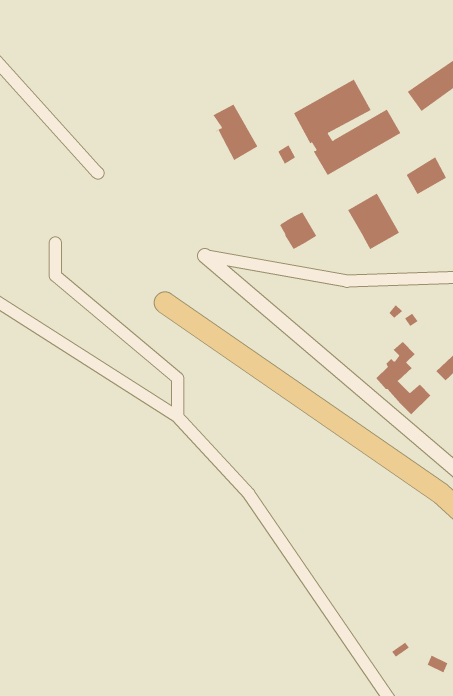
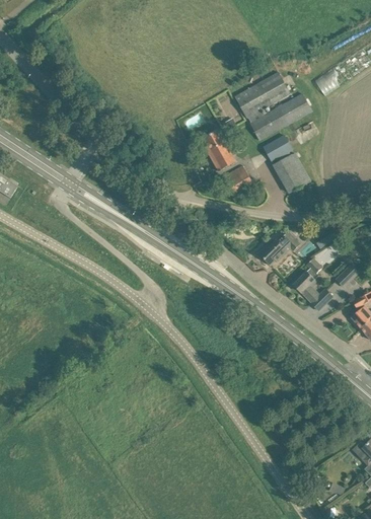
building: [213,104,258,161] -> [204,131,236,171]
building: [406,156,447,195] -> [264,135,293,162]
building: none -> [258,232,300,266]

